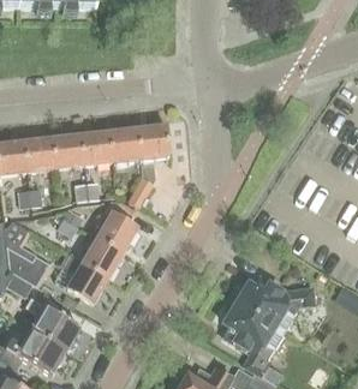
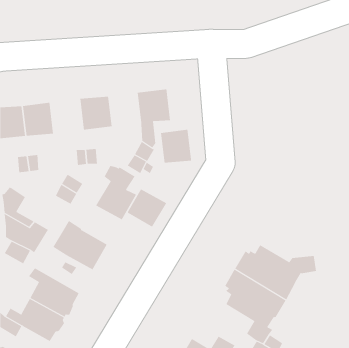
building: [108,127,139,161] -> [160,129,192,163]
building: [50,133,83,168] -> none
building: [82,239,121,277] -> [127,188,167,227]

